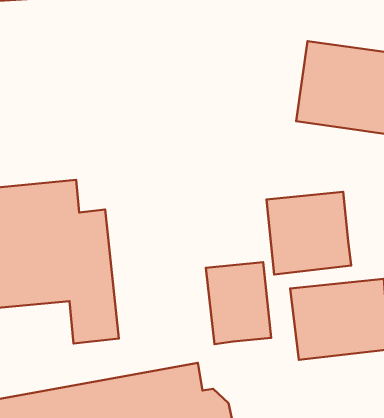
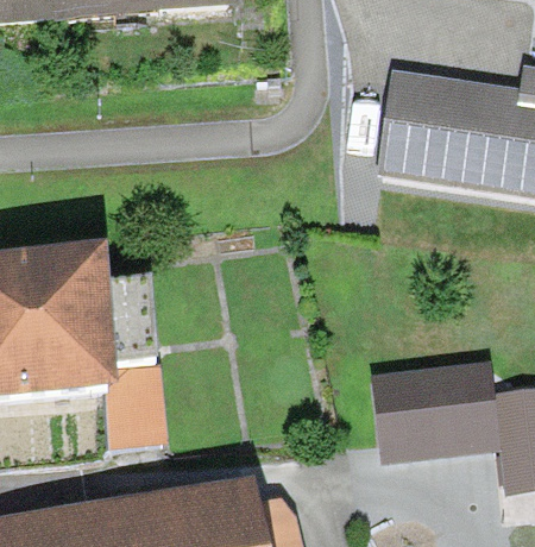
building: [267,192,351,274] -> none
building: [206,262,271,344] -> none

